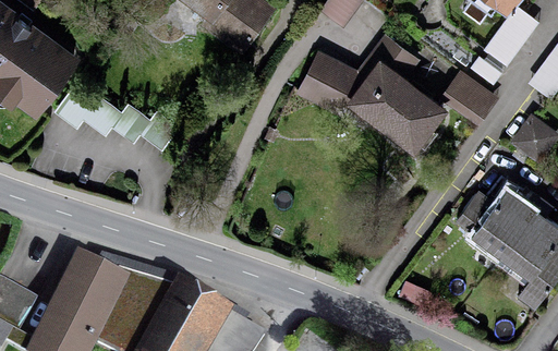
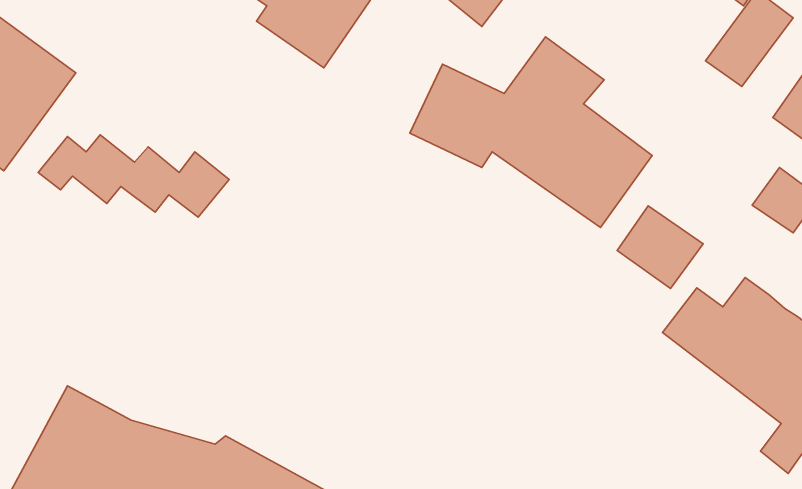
building: [437,68,492,120] -> [617,206,703,288]

